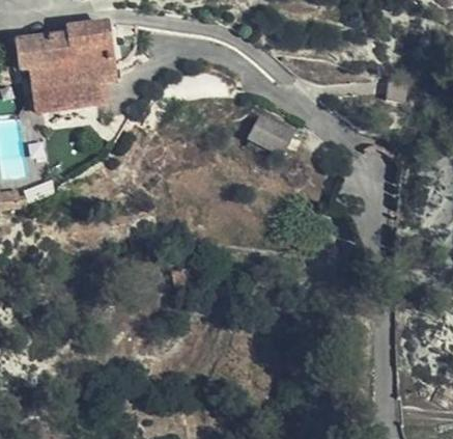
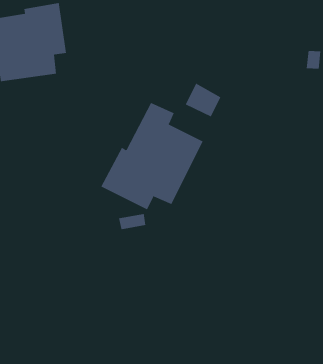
building: none -> [101,102,203,210]

